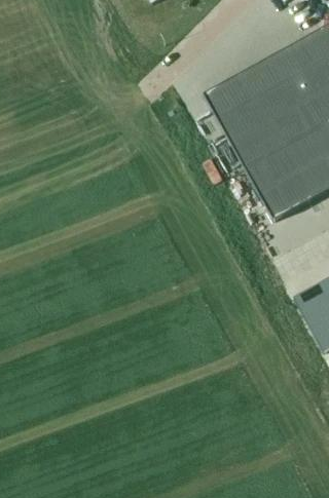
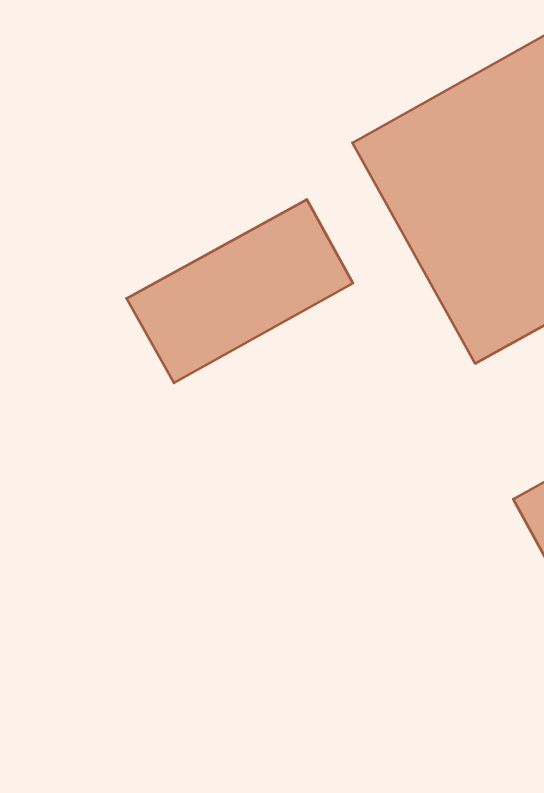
building: none -> [126,199,353,383]

